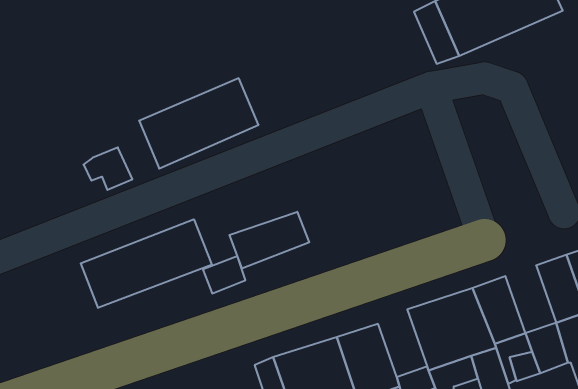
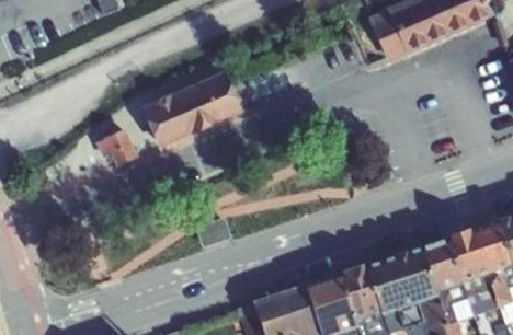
building: [229,212,309,269] -> none
building: [81,219,212,308] -> none
building: none -> [445,227,487,282]
building: none -> [340,263,380,319]

